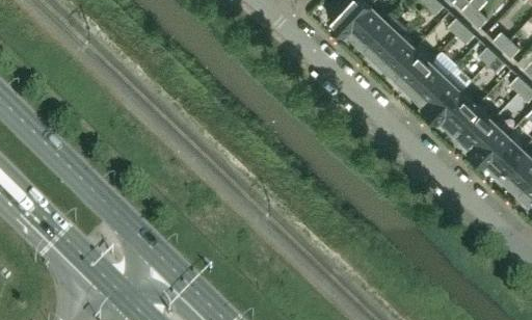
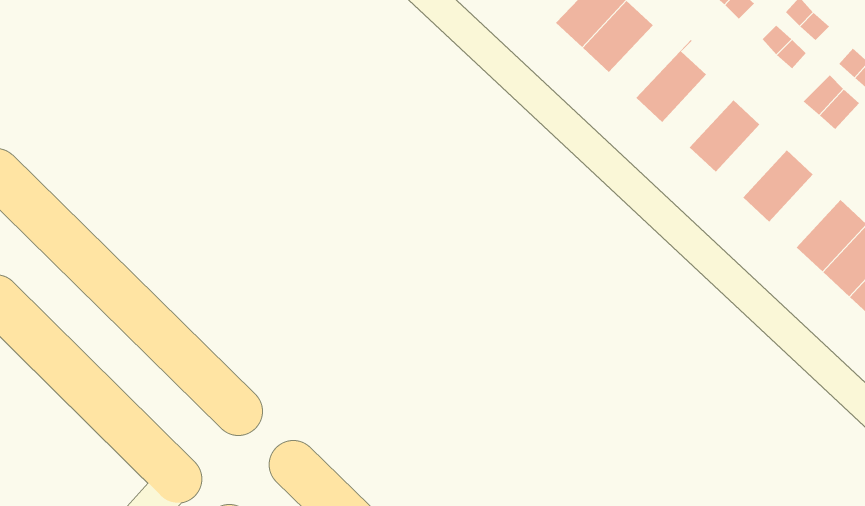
building: [357,12,405,61] -> none
building: [389,48,430,90] -> none
building: [420,77,461,119] -> none
building: [451,106,493,149] -> none

